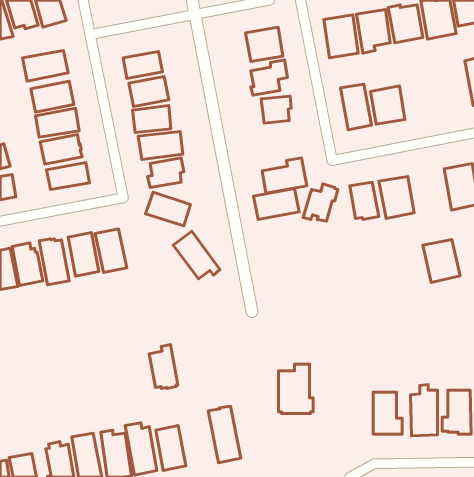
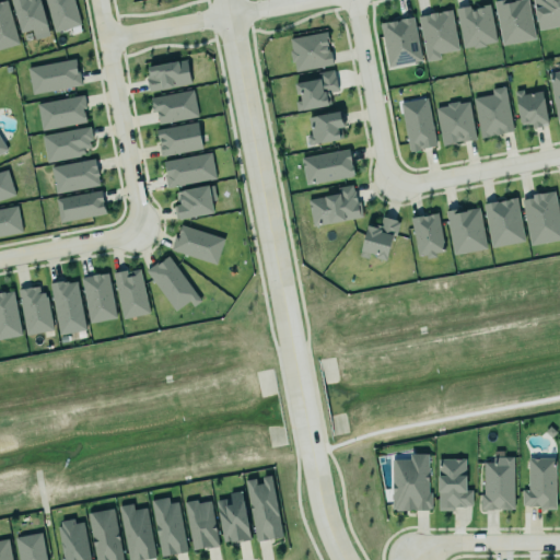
building: none -> [475,84,515,136]
building: none -> [517,91,549,128]
building: [253,189,299,219] -> [303,149,357,185]
building: [173,231,220,279] -> [149,256,203,312]
building: [423,239,460,282] -> [485,198,528,248]
building: [149,345,178,388] -> [217,490,250,541]
building: [279,364,313,414] -> [392,453,432,511]

